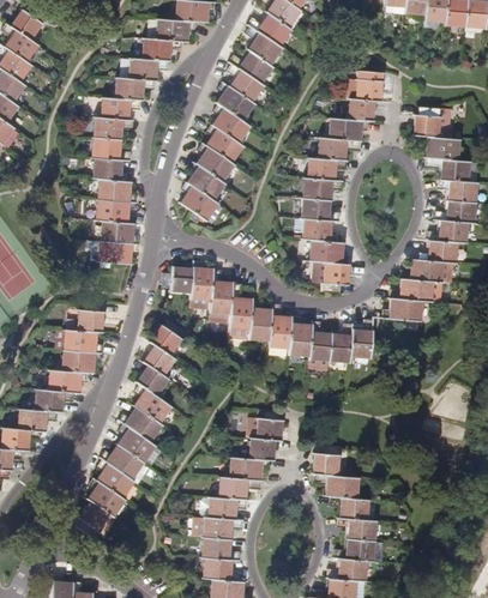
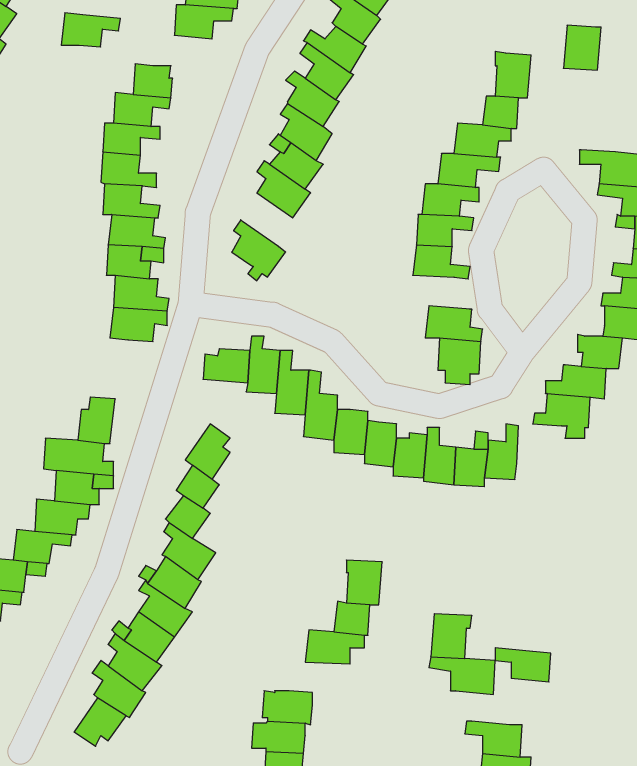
building: [128,58,168,80] -> [61,13,120,47]
building: [415,107,440,137] -> [563,25,601,70]
building: [188,162,224,200] -> none
building: [297,218,341,242] -> none
building: [219,477,261,500] -> none
building: [331,497,368,520] -> [495,648,551,682]

